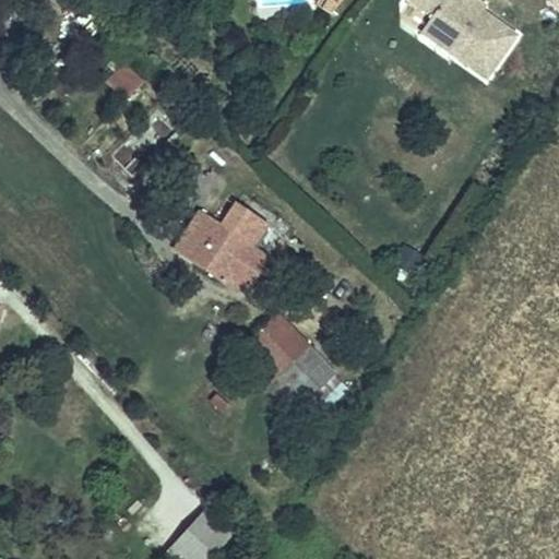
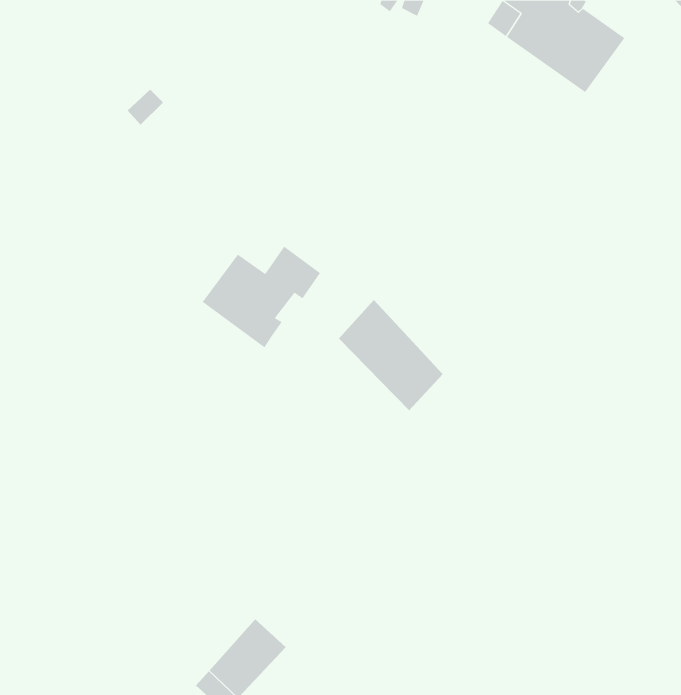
building: [231,237,272,284] -> none
building: [248,311,332,401] -> [338,299,443,411]

